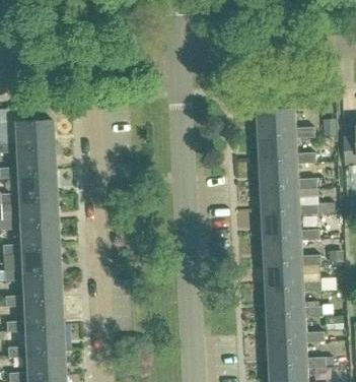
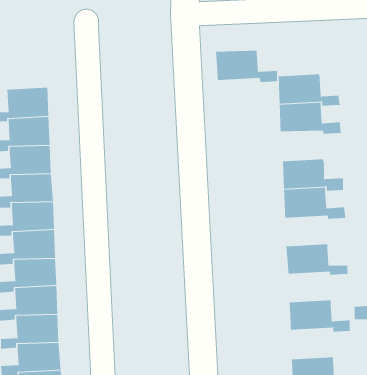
building: [261,160,317,189] -> [215,50,278,83]
building: [265,237,322,266] -> none
building: [268,288,324,317] -> none
building: [270,338,327,368] -> none

